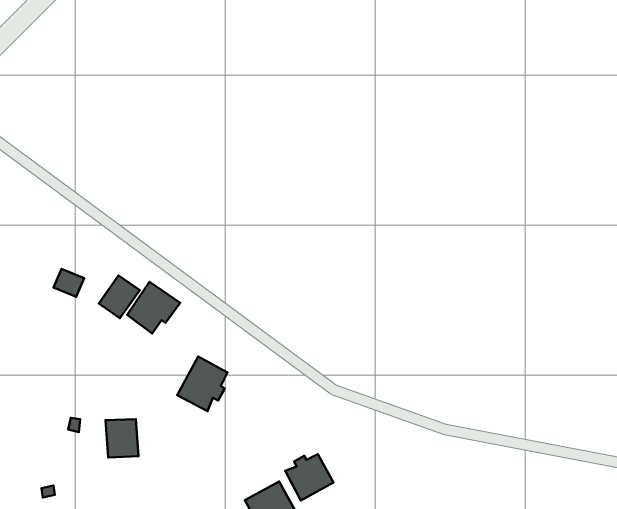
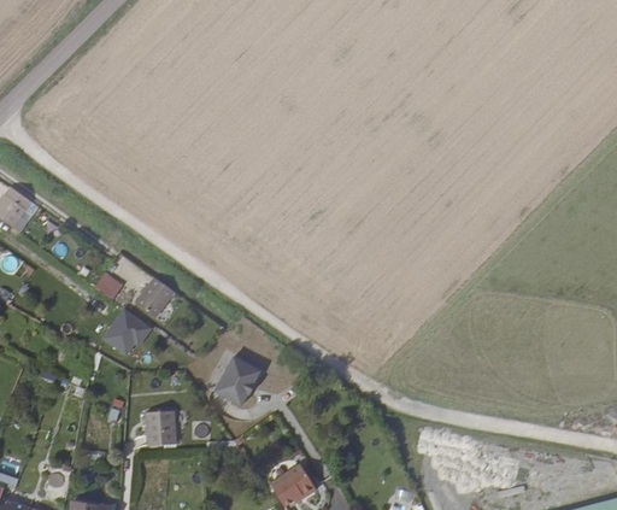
building: [127,282,180,333] -> [107,311,155,358]
building: [285,454,333,501] -> none

